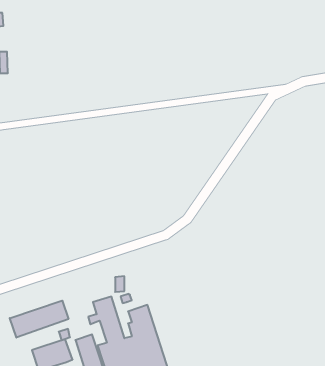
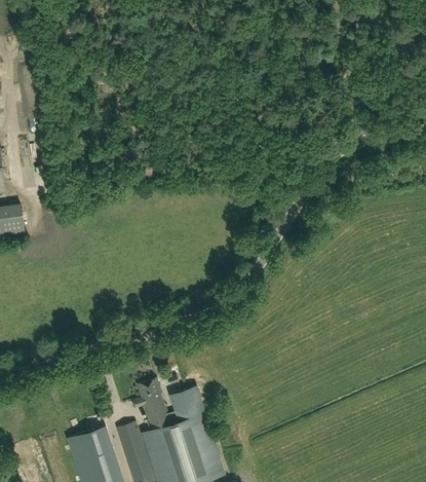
building: [10,301,68,338] -> none

